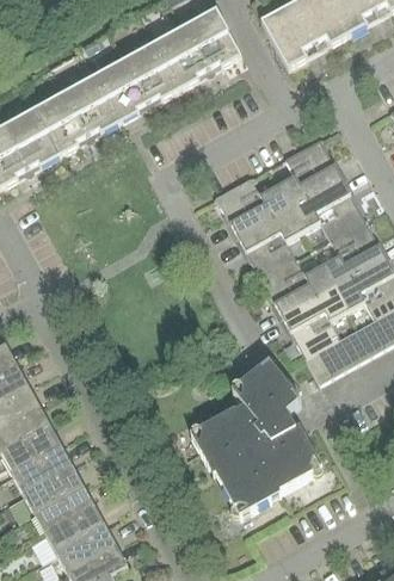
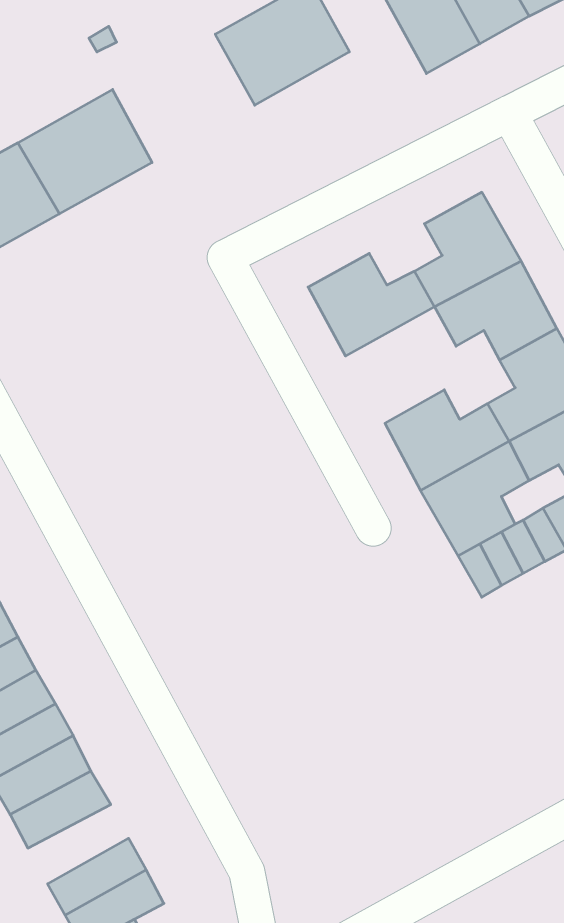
building: [96,42,181,119] -> none
building: [236,206,303,277] -> none
building: [190,350,322,517] -> none
building: [44,507,105,555] -> none

